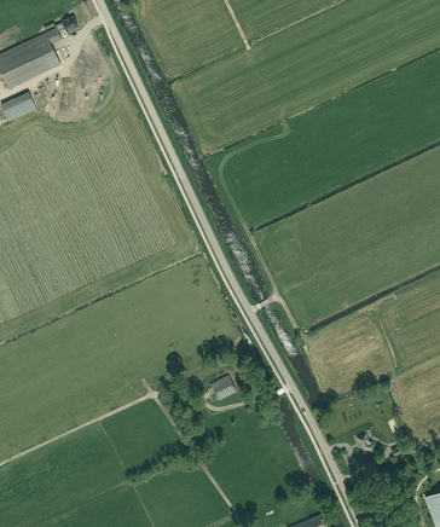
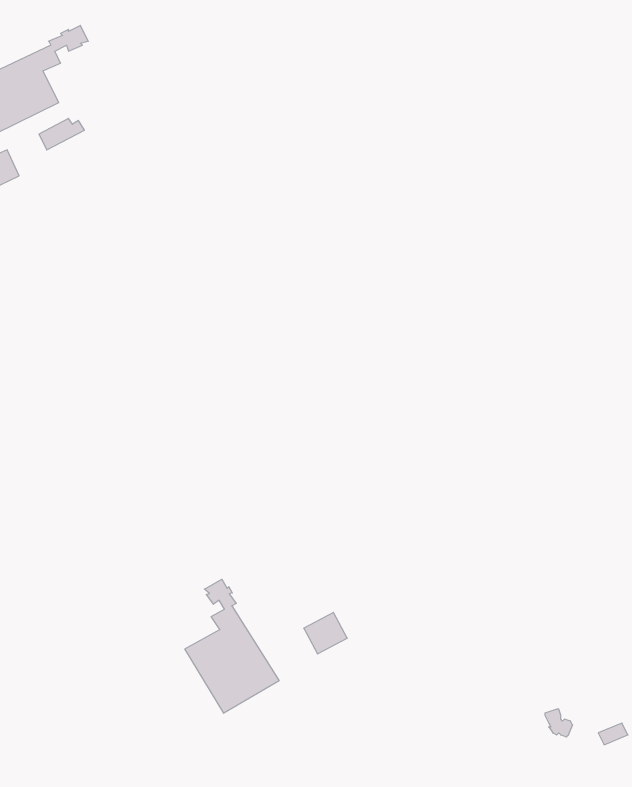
building: none -> [185,579,279,713]

